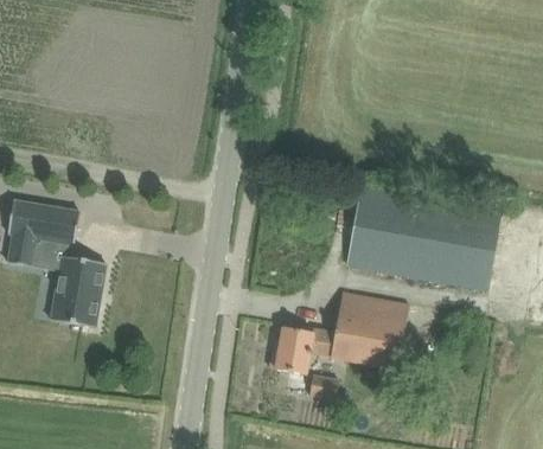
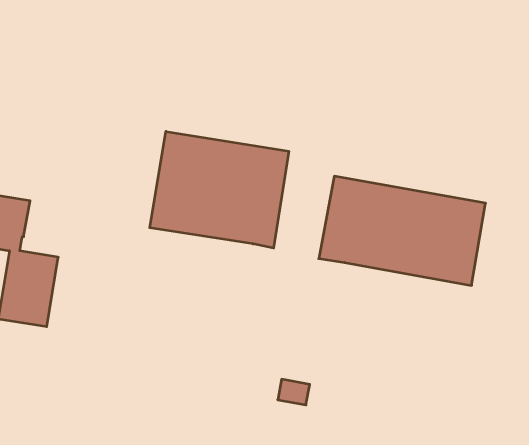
building: none -> [150,131,289,248]
building: [269,293,408,376] -> none

